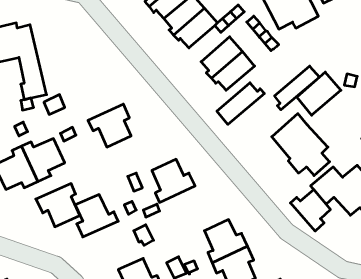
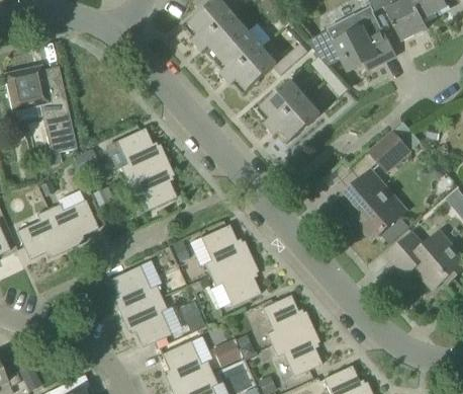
building: [275,66,319,110] -> none
building: none -> [105,128,167,178]
building: [217,83,264,124] -> none
building: [36,184,80,227] -> [119,297,171,347]
building: none -> [209,255,260,308]
building: [290,190,330,231] -> none

